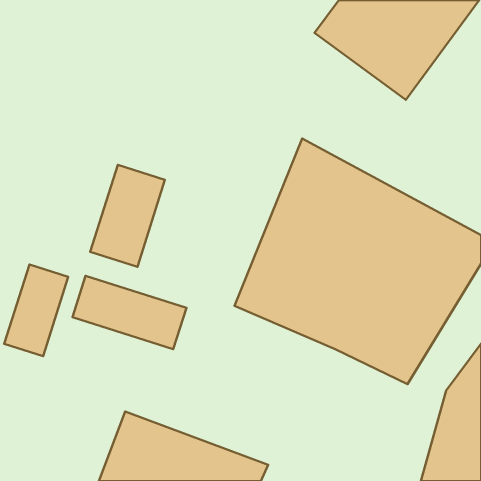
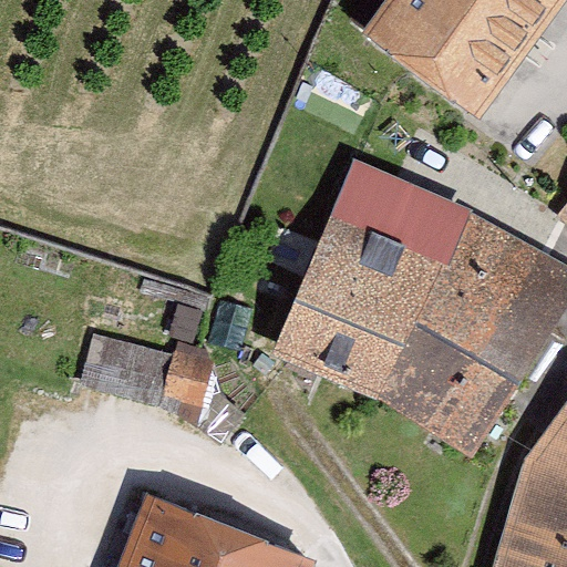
building: [90,165,165,267] -> none
building: [4,265,68,356] -> none

